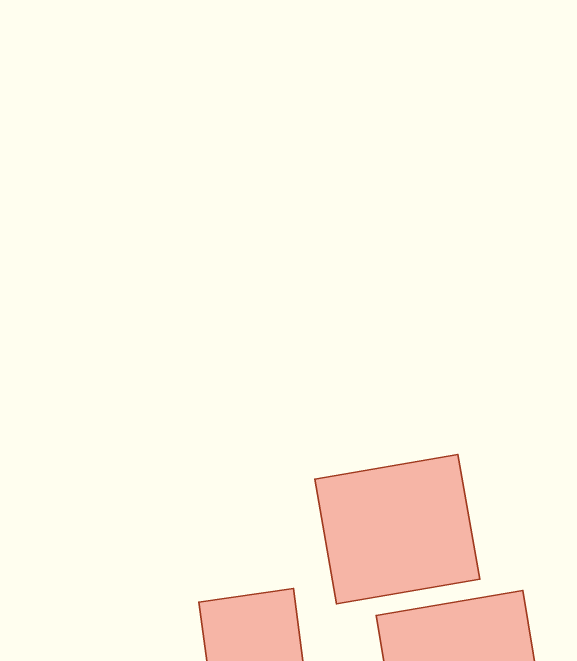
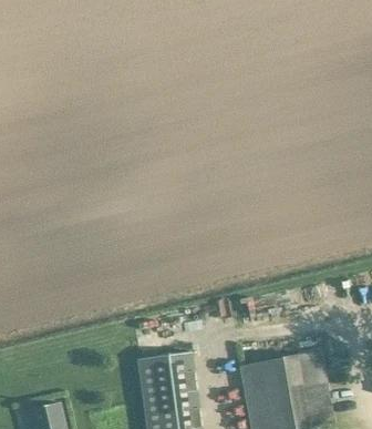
building: [315,455,480,604] -> none

